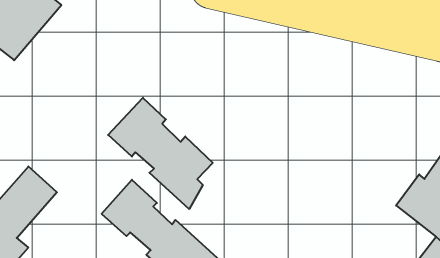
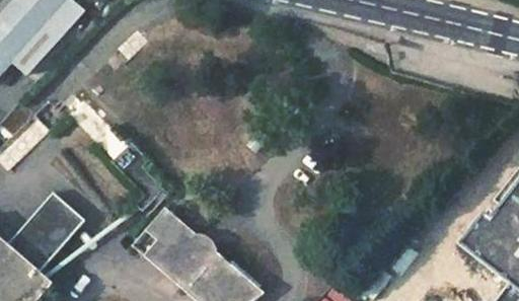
building: [108,98,213,209] -> none

